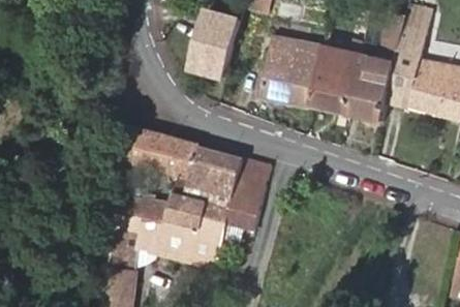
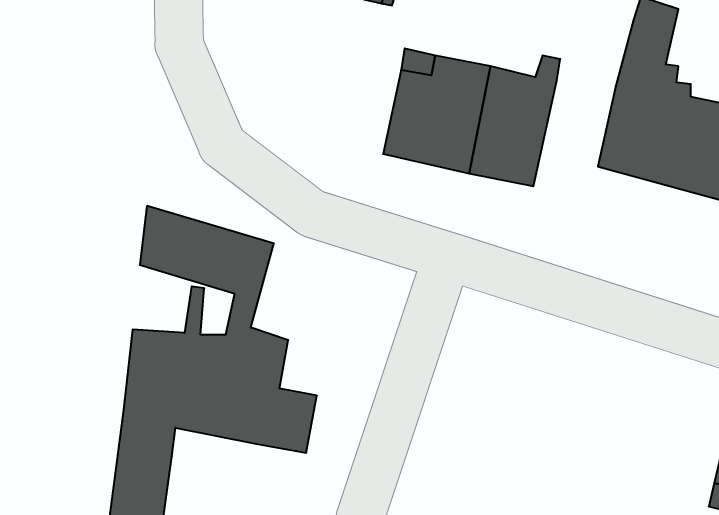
building: [193,11,242,78] -> none
building: [348,14,406,121] -> none
building: [185,147,271,238] -> none

